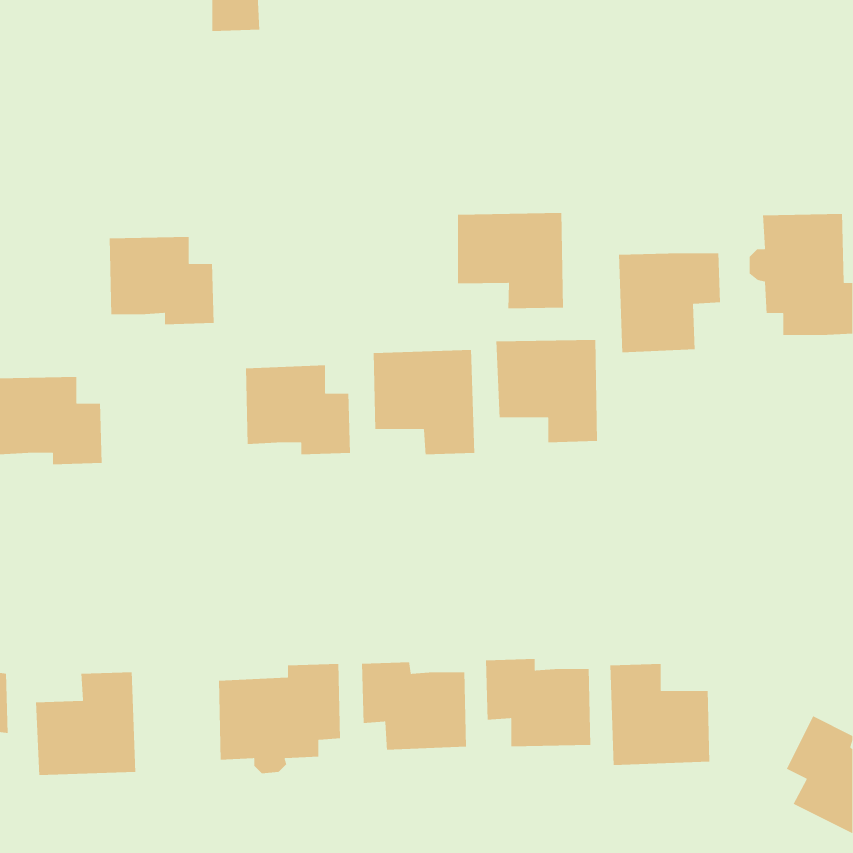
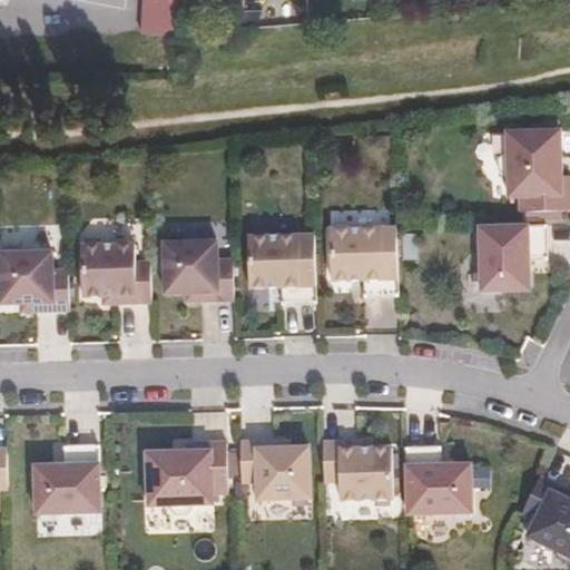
building: [457,212,564,309] -> none
building: [109,236,215,325] -> [80,242,150,301]
building: [618,253,721,353] -> [478,223,546,289]

